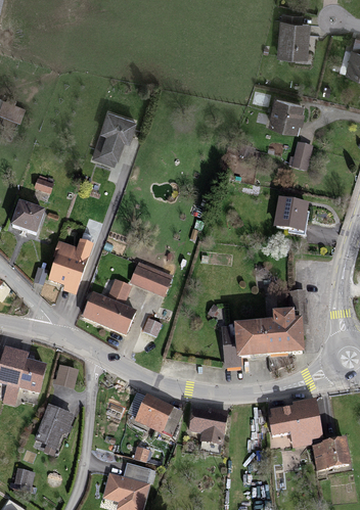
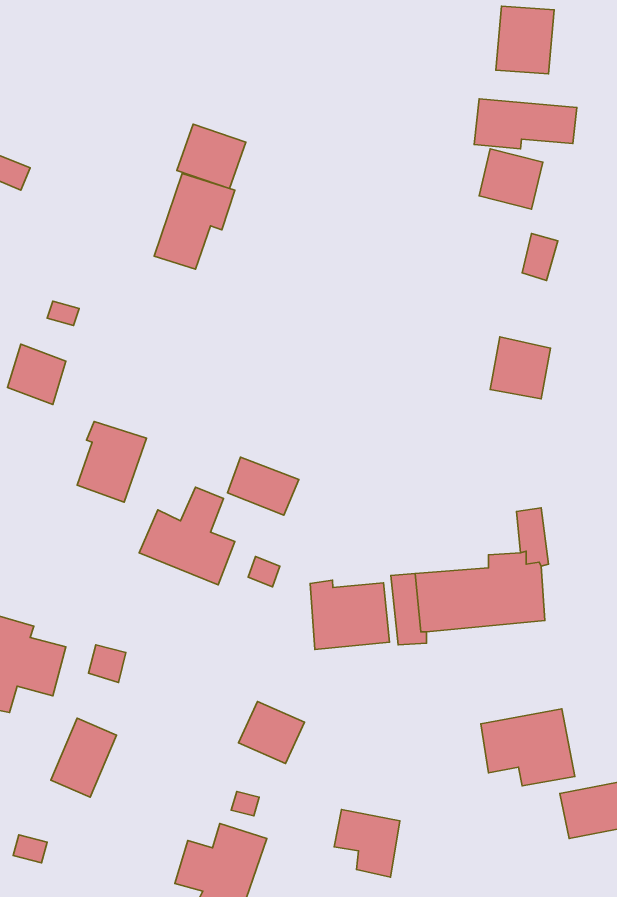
building: none -> [474,99,577,149]
building: none -> [177,124,246,188]
building: none -> [310,580,390,649]
building: [191,409,227,446] -> [334,809,400,877]

